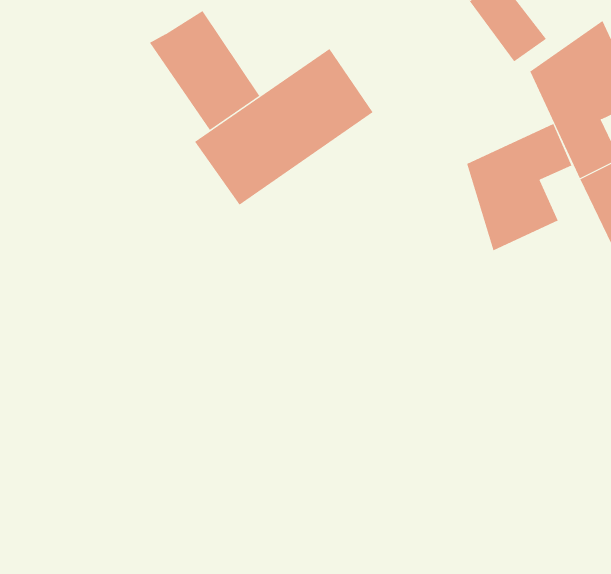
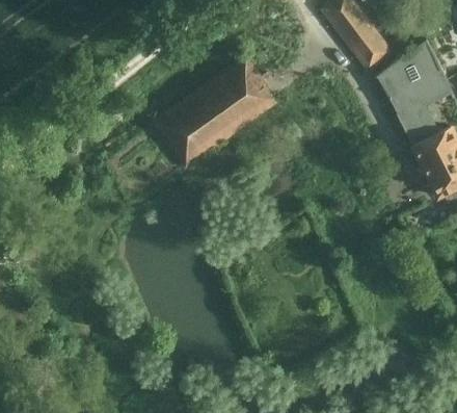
building: [149,10,260,131] -> none
building: [466,123,572,251] -> none

